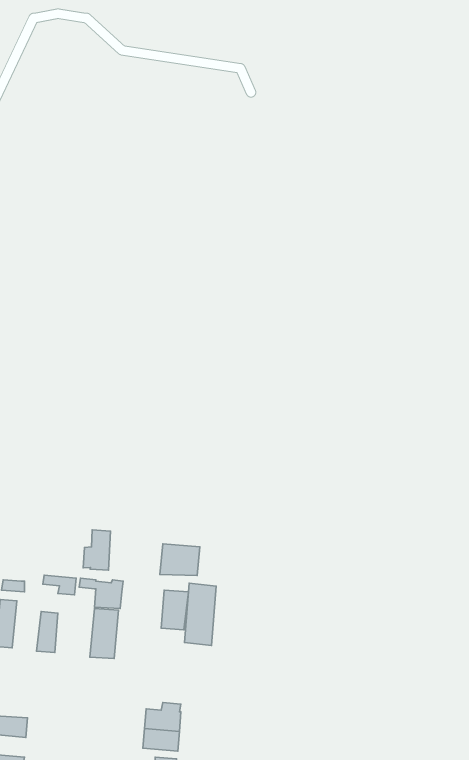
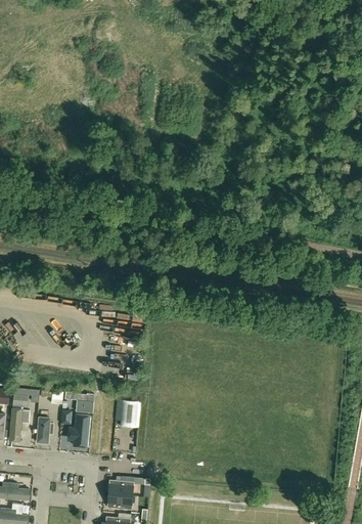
building: [83,530,111,570] -> none
building: [160,544,200,575] -> none
building: [184,583,216,646] -> none

